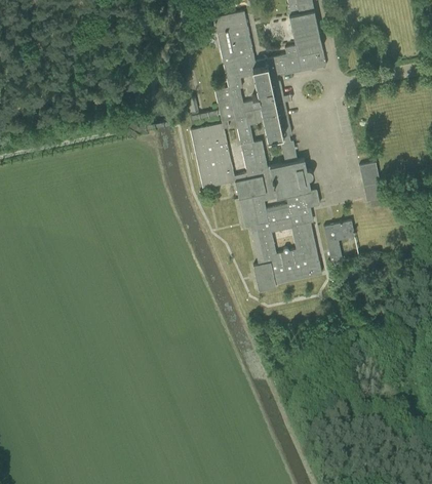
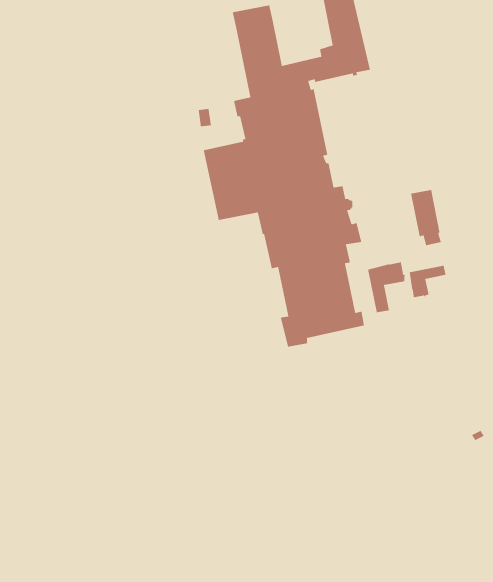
building: none -> [409,265,446,298]

